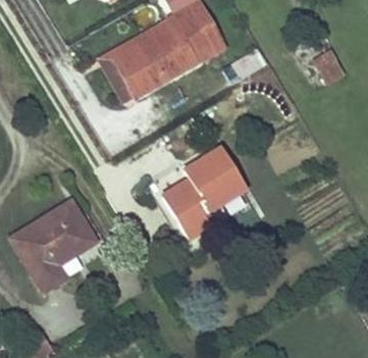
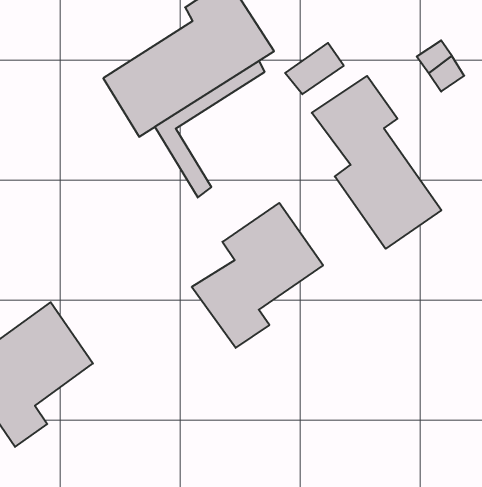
building: [100,20,172,105] -> [155,61,265,198]
building: none -> [312,76,441,249]

